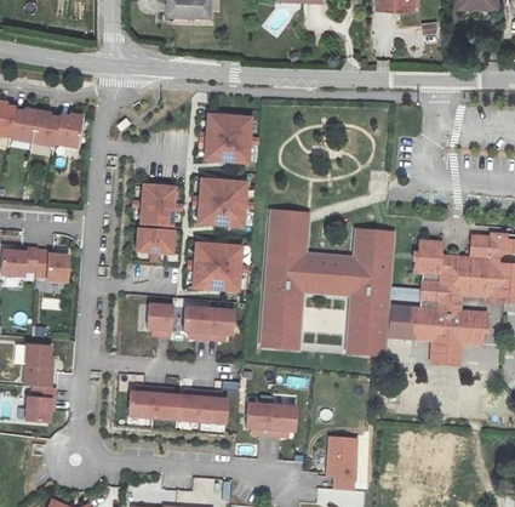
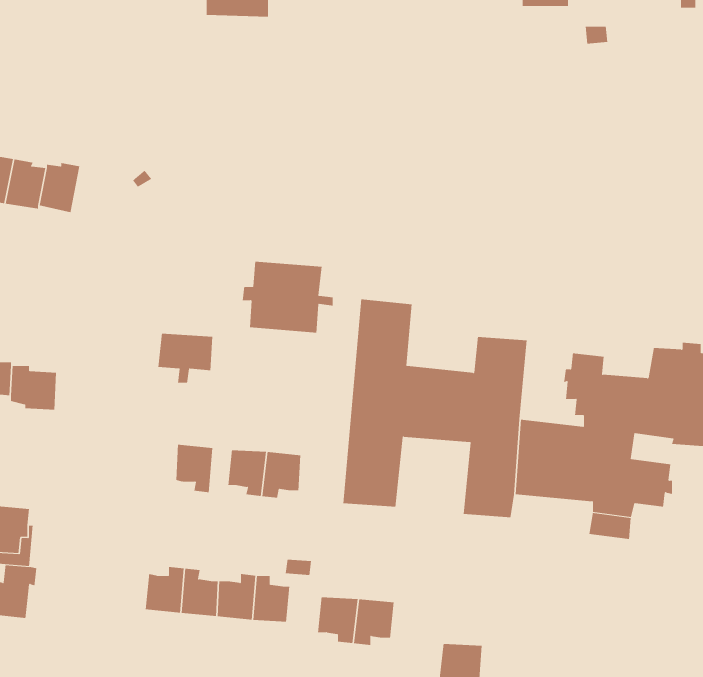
building: [201,115,261,164] -> none
building: [133,184,184,227] -> none
building: [188,244,251,292] -> none

